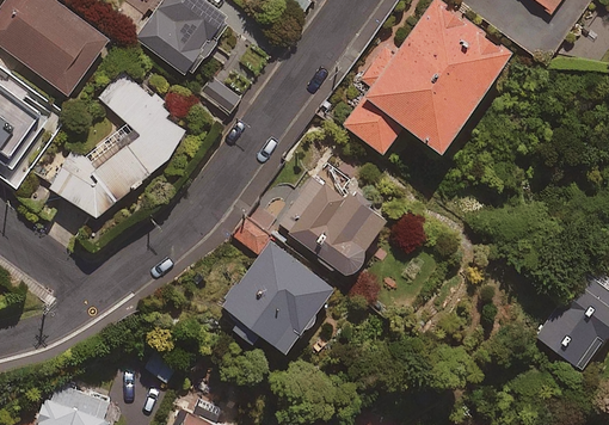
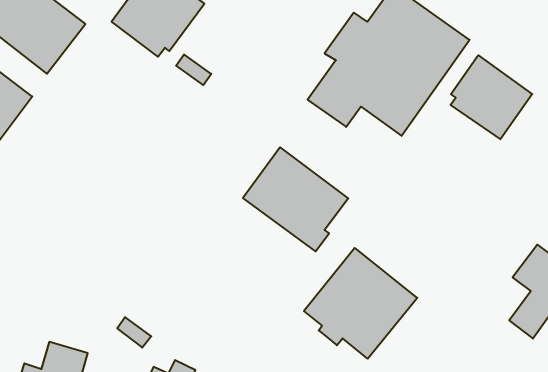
building: [48,67,184,220] -> none
building: none -> [451,55,532,139]
building: [215,244,334,361] -> [304,248,417,359]

